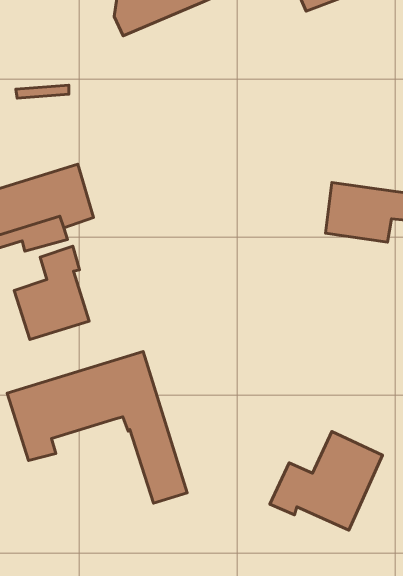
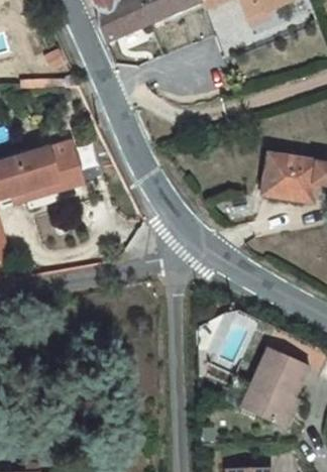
building: [14,246,89,340] -> none
building: [7,351,187,503] -> none

